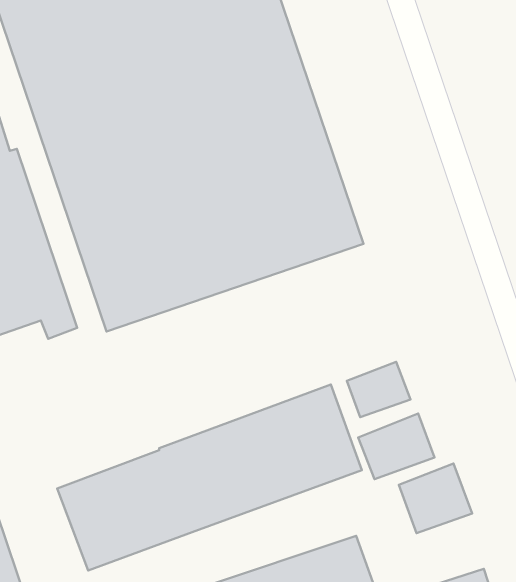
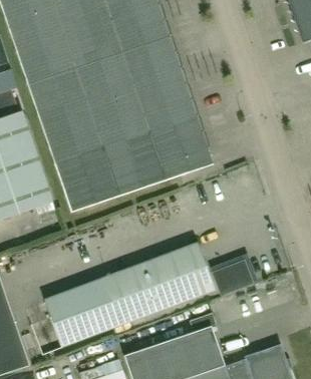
building: [347,362,410,417] -> none
building: [399,464,472,533] -> none

